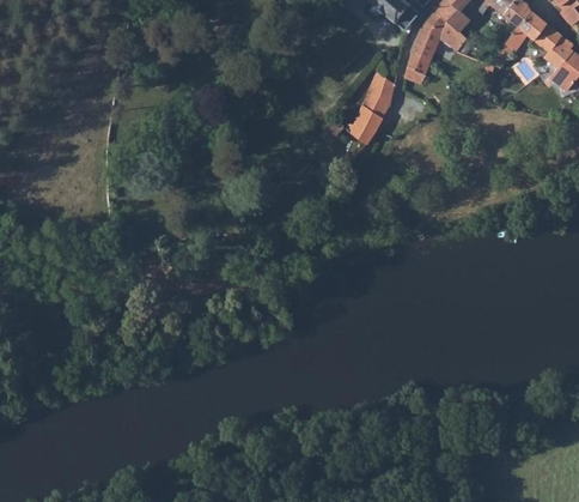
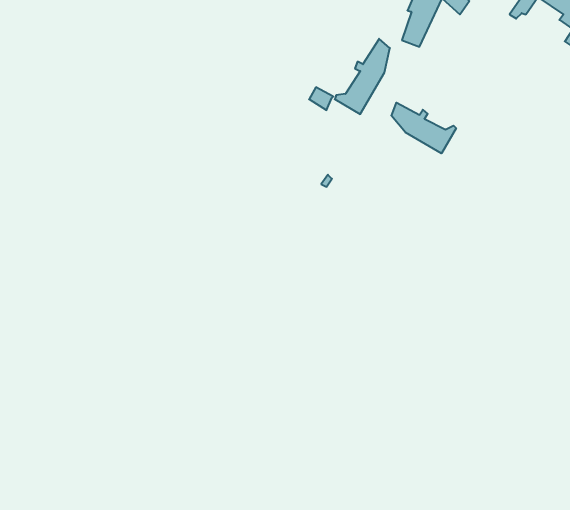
building: none -> [391,103,456,153]

